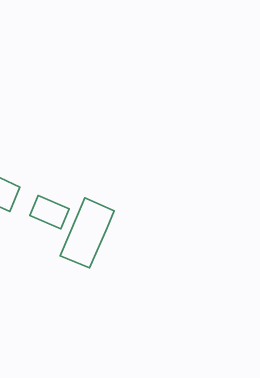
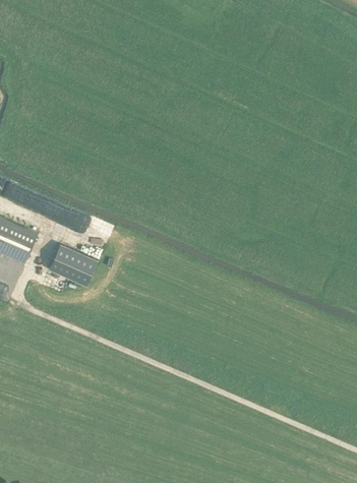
building: [60,198,114,268] -> none

